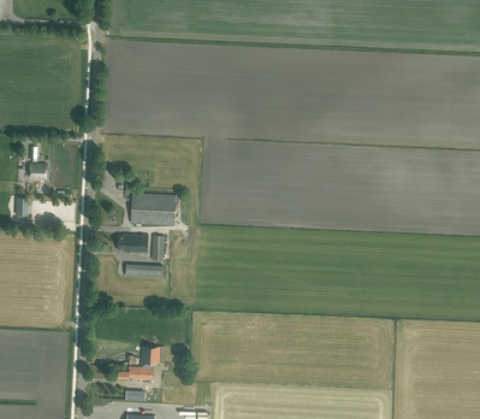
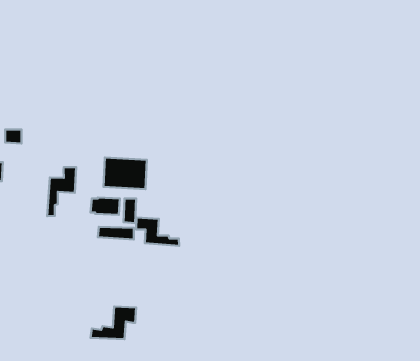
building: none -> [47,167,76,216]
building: none -> [136,217,179,246]

